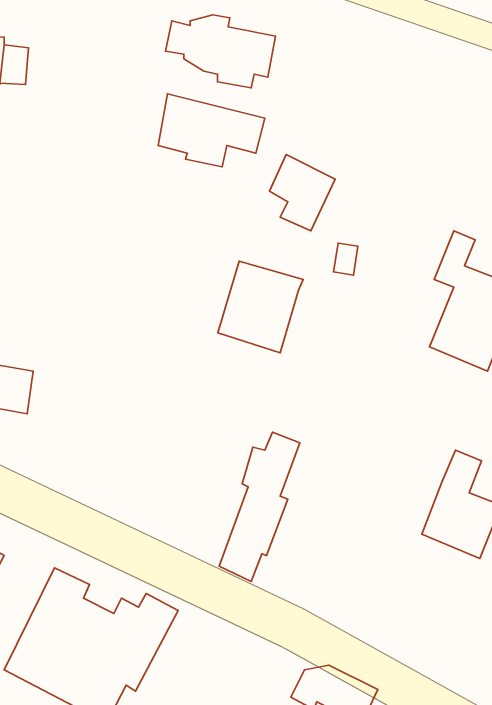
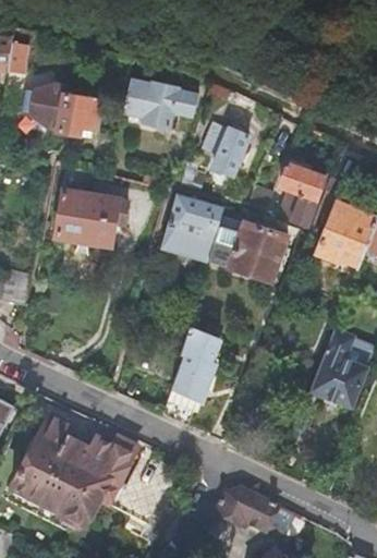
building: [166,15,275,88] -> [20,85,98,137]
building: none -> [280,166,325,227]
building: none -> [58,191,118,242]
building: none -> [209,217,288,281]

